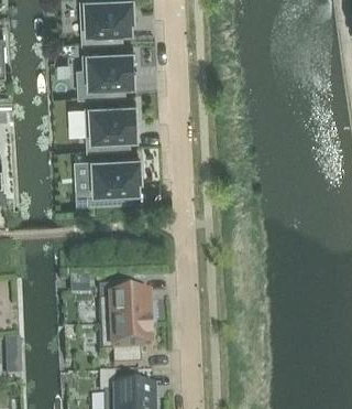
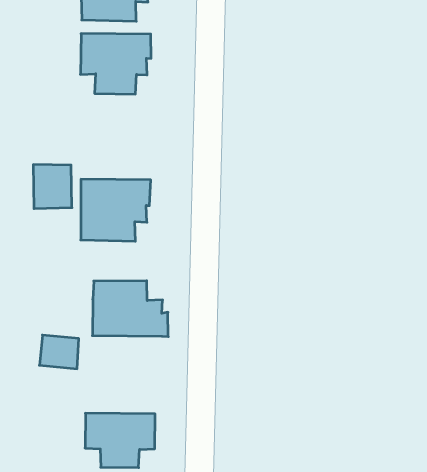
building: [85,105,136,151] -> none
building: [99,288,155,330] -> [92,281,168,337]

